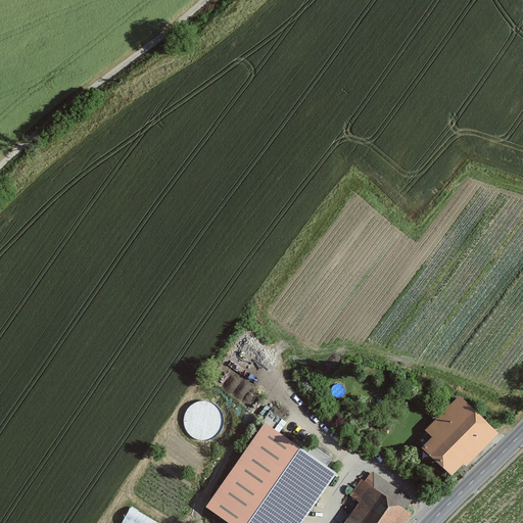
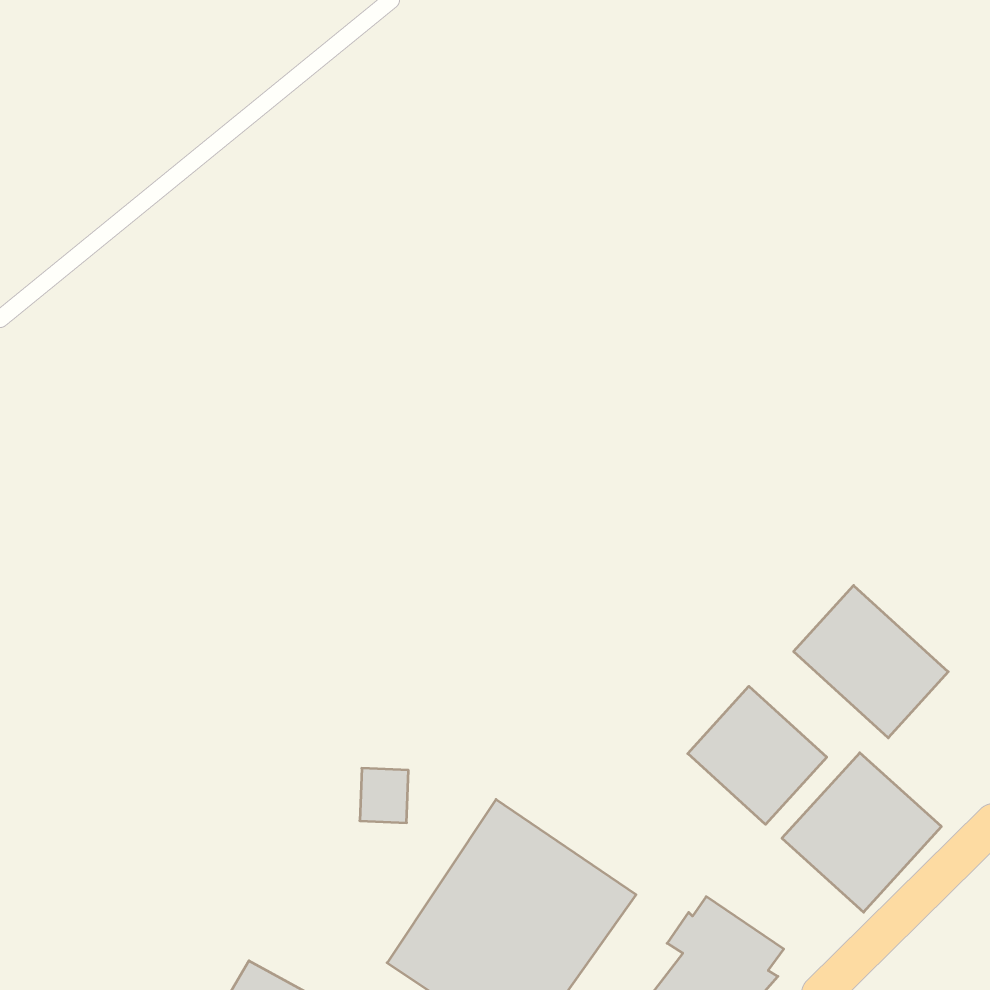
building: none -> [794,585,948,738]
building: none -> [688,686,827,824]

